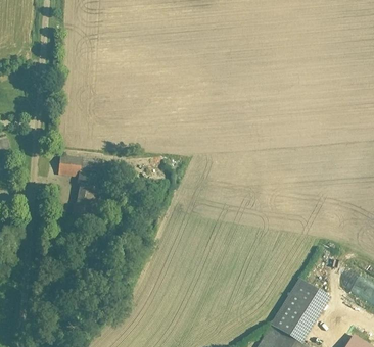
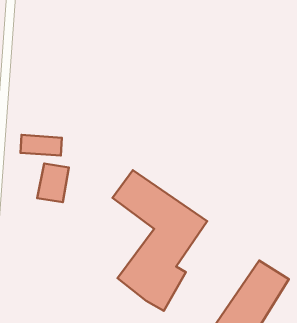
building: none -> [112,170,207,311]

